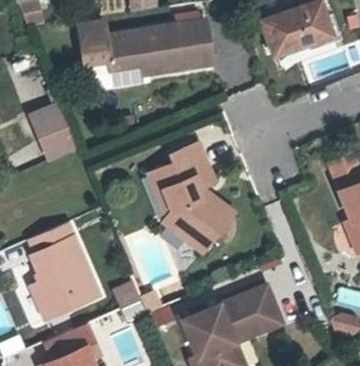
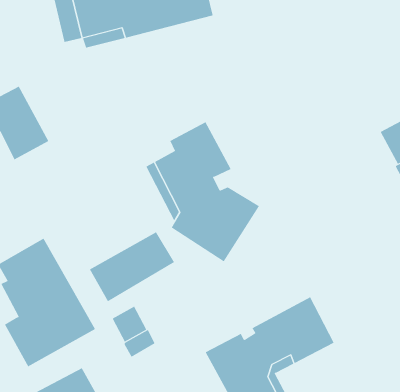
building: none -> [89,232,175,302]

